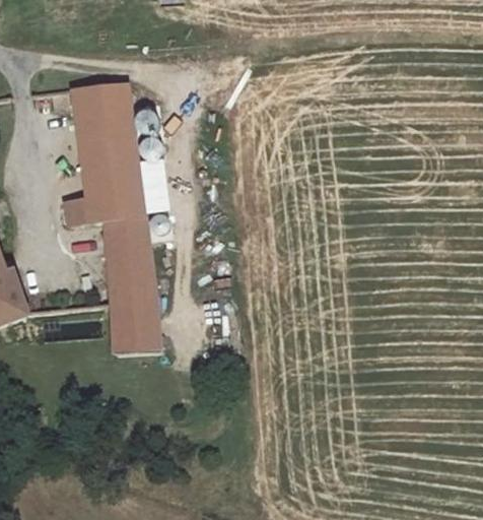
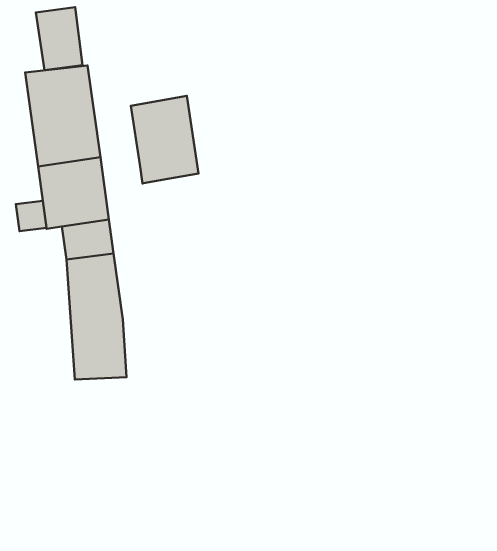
building: none -> [36,7,82,70]
building: none -> [131,96,199,184]

